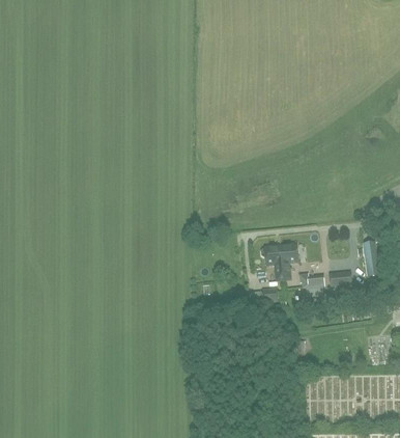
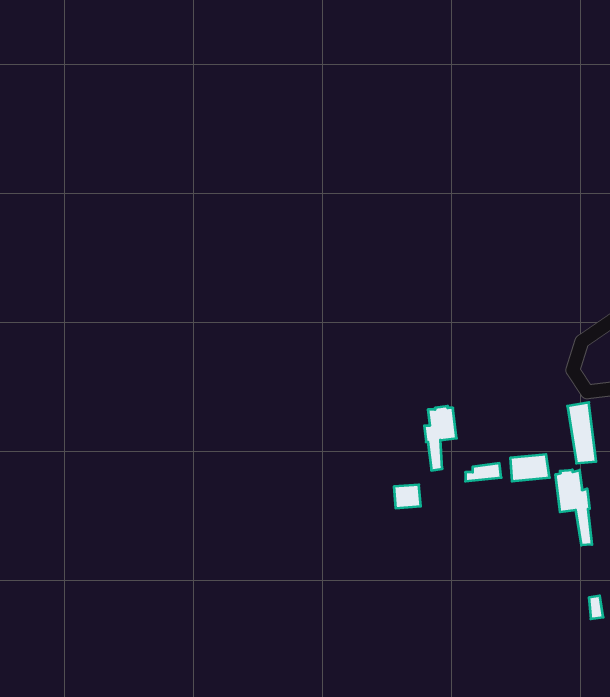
building: [261,245,284,280] -> none
building: none -> [556,470,592,545]

